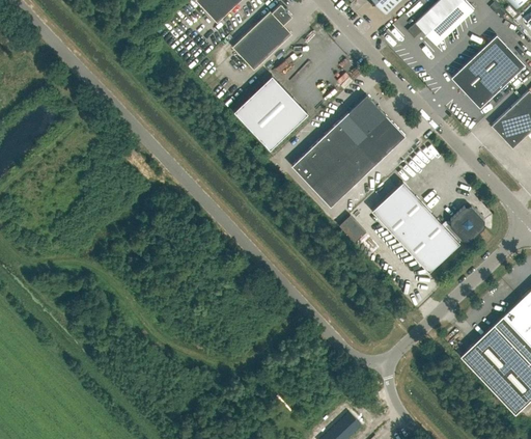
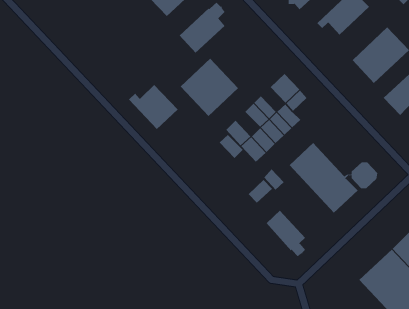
building: none -> [128,84,178,130]
building: [336,112,367,143] -> none
building: [376,126,406,154] -> none
building: [304,143,335,174] -> [219,134,243,159]
building: none -> [248,179,273,204]
building: none -> [266,210,306,257]

